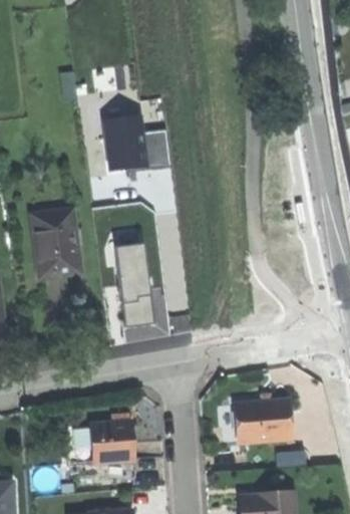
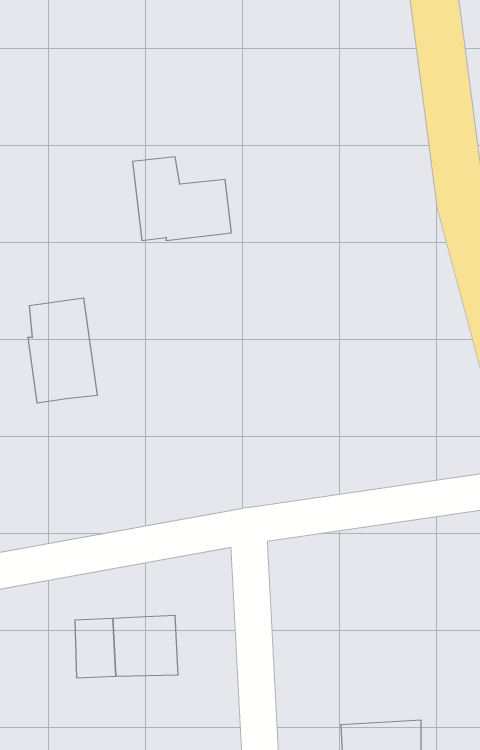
building: [115,241,165,325] -> none
building: [238,400,290,442] -> none

